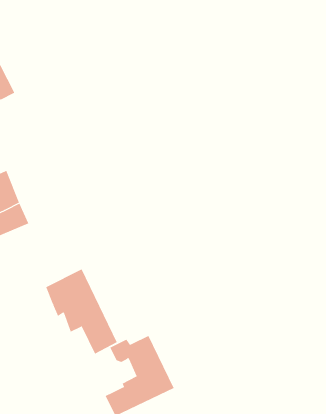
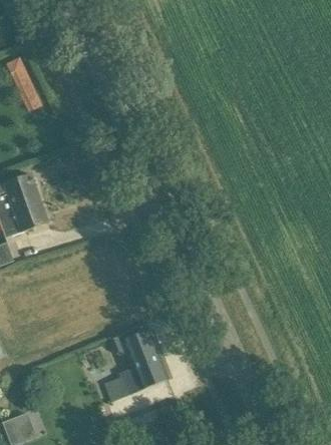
building: [45,268,118,354] -> none

